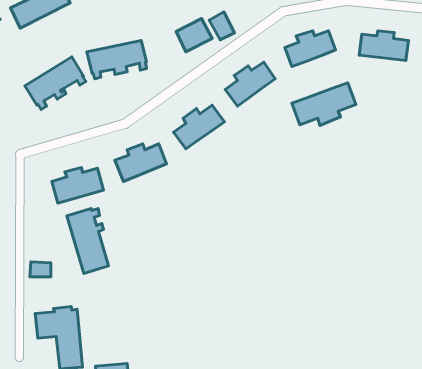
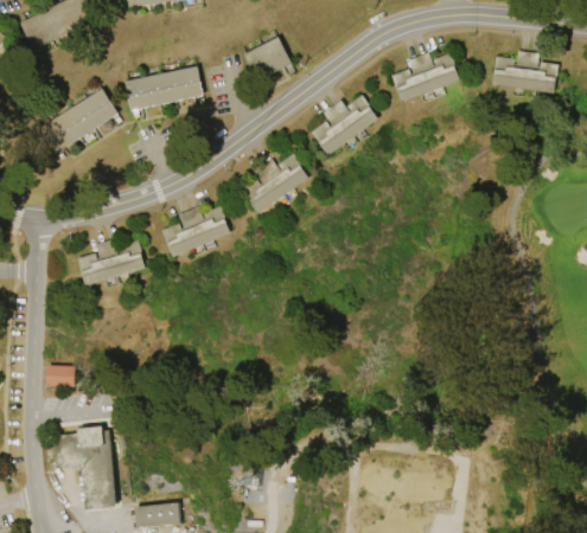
building: [209,12,234,40] -> none
building: [292,83,356,125] -> none
building: [67,209,109,274] -> none

